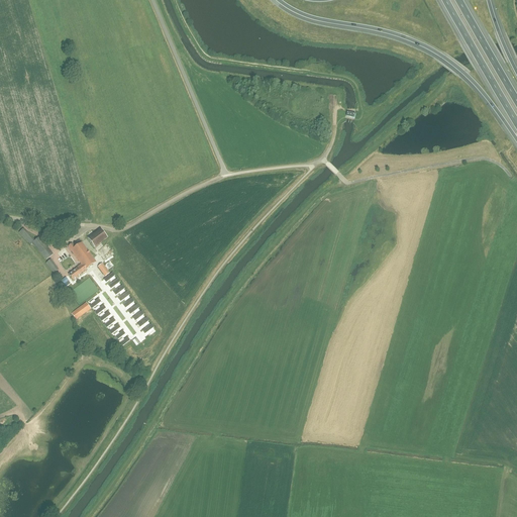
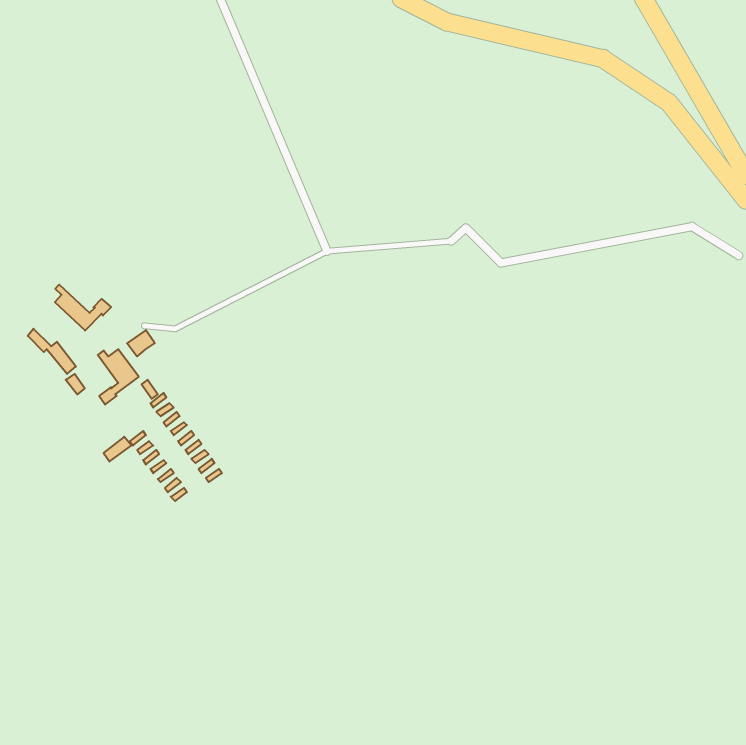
building: none -> [55,285,111,331]

